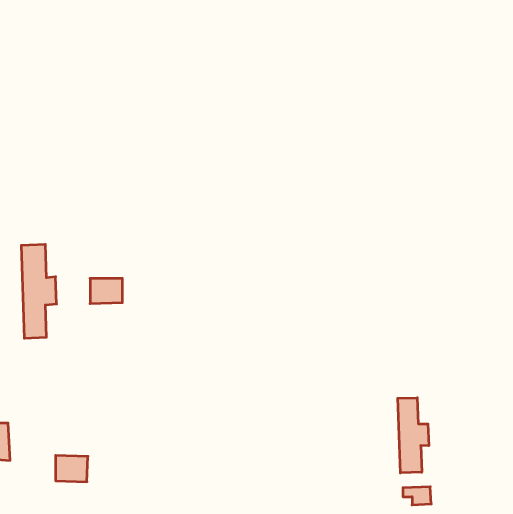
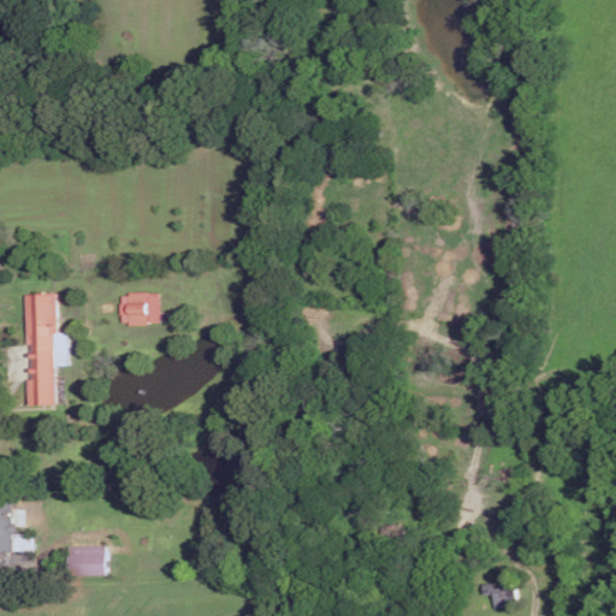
building: [90,278,122,304] -> [118,294,156,324]
building: [398,398,429,473] -> none

